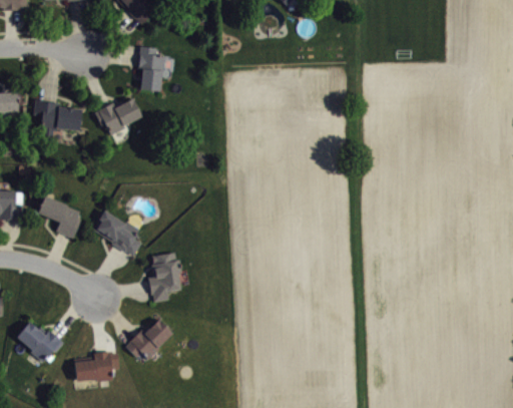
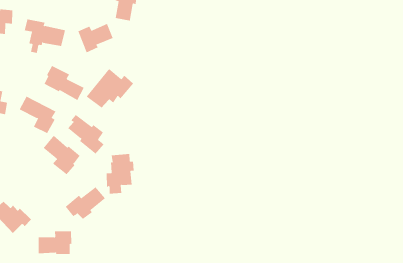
building: none -> [86,68,134,109]
building: none -> [44,65,84,101]
building: none -> [43,135,80,175]
building: [124,320,172,361] -> [65,186,106,220]

